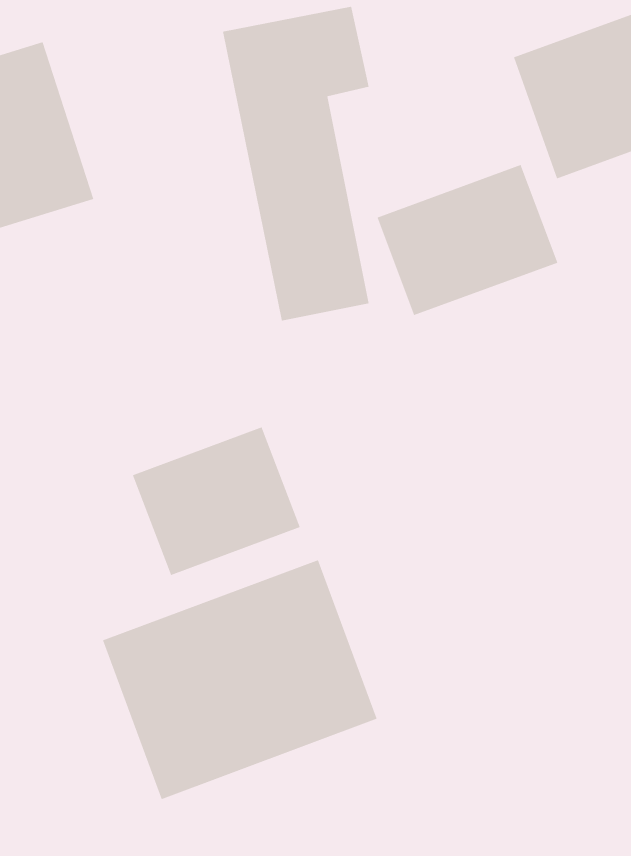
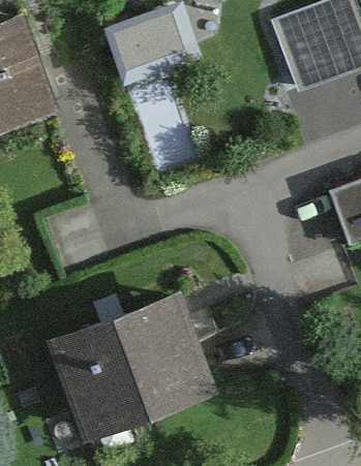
building: [377,164,558,316] -> none
building: [132,427,301,576] -> none

